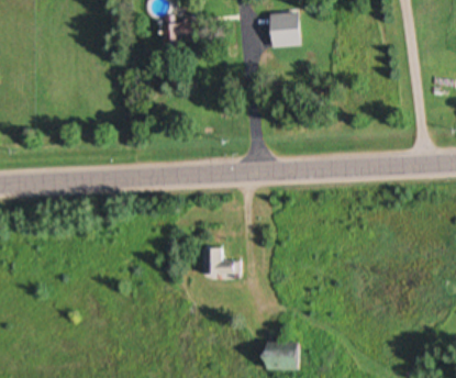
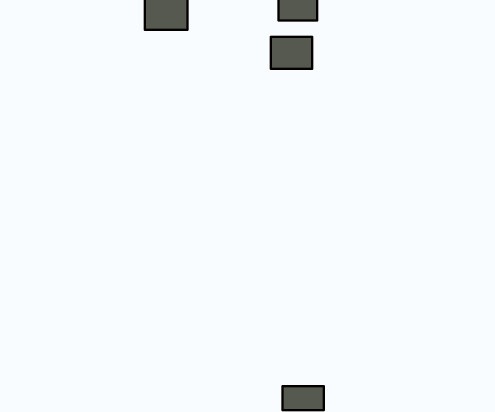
building: none -> [271,37,312,69]
building: [200,244,236,270] -> none

